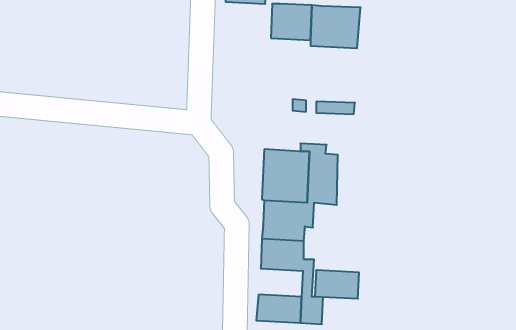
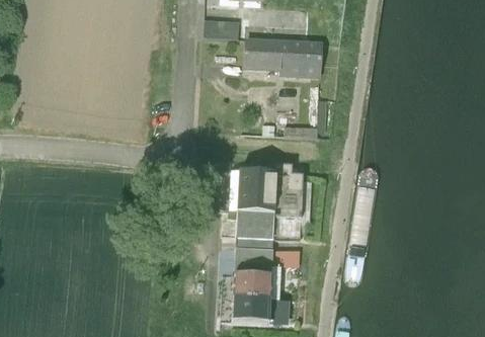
building: [315,270,359,299] -> [232,273,271,299]

